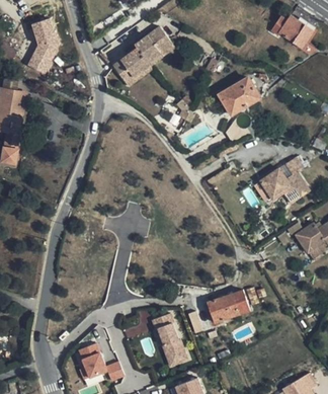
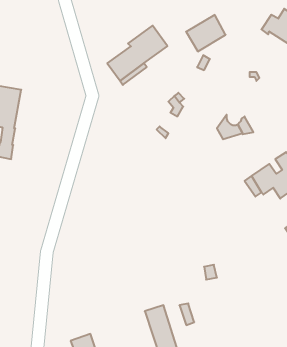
building: [26,16,59,72] -> none
building: [220,77,260,114] -> [186,15,226,51]
building: [208,289,250,323] -> none

